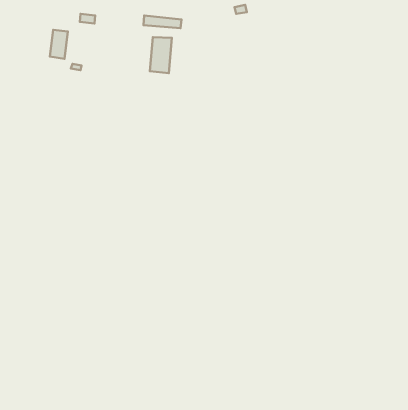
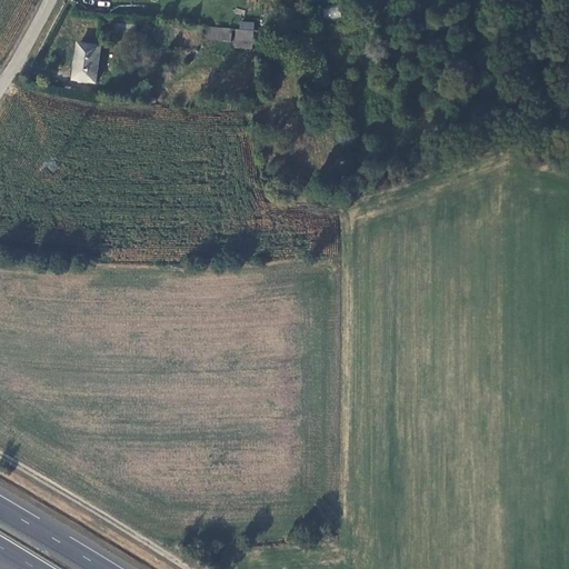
building: [150,37,172,73] -> none

